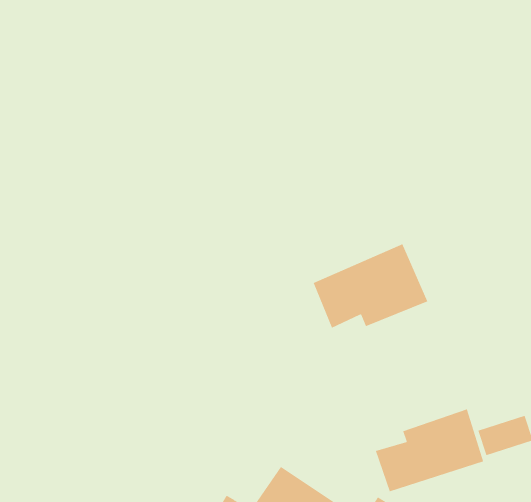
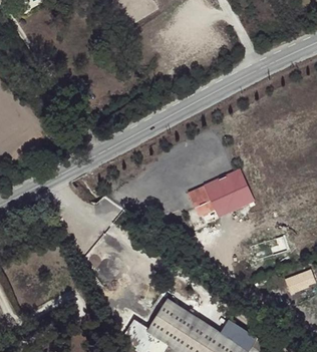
building: [375,408,484,492] -> none

